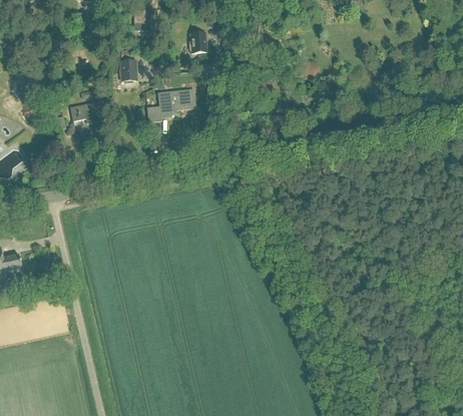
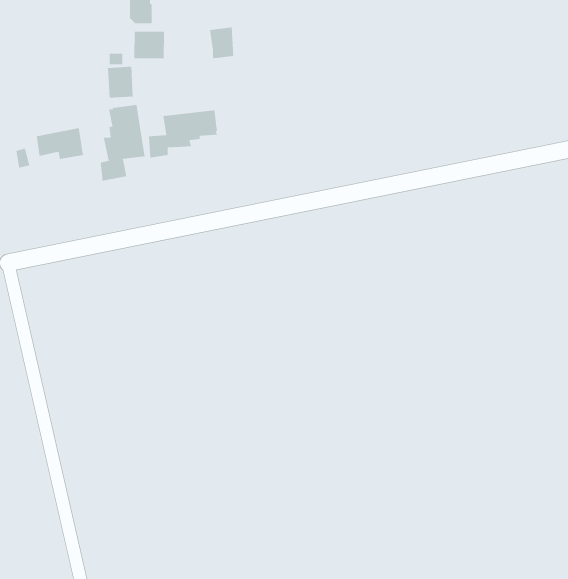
building: none -> [134,31,164,59]
building: none -> [100,104,145,182]

